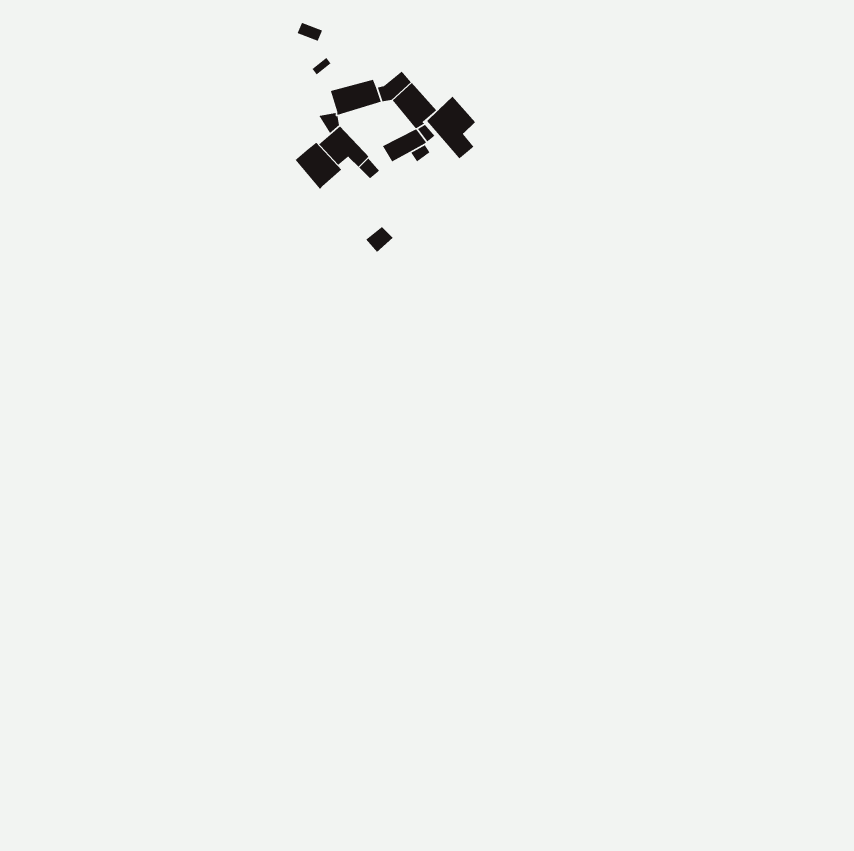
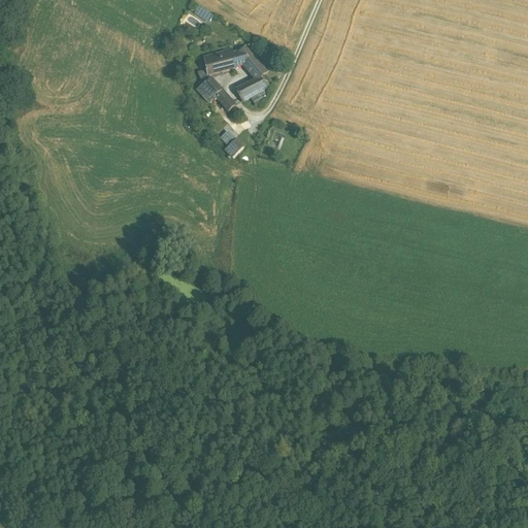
building: [426,96,476,160] -> none
building: [294,142,342,190] -> none

